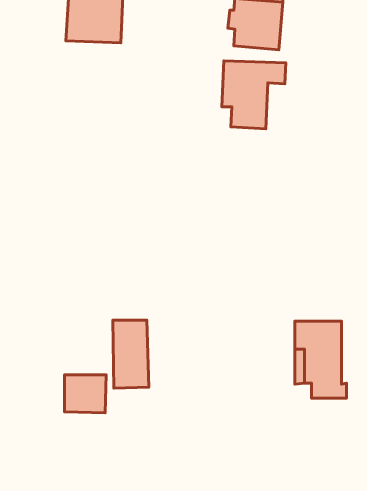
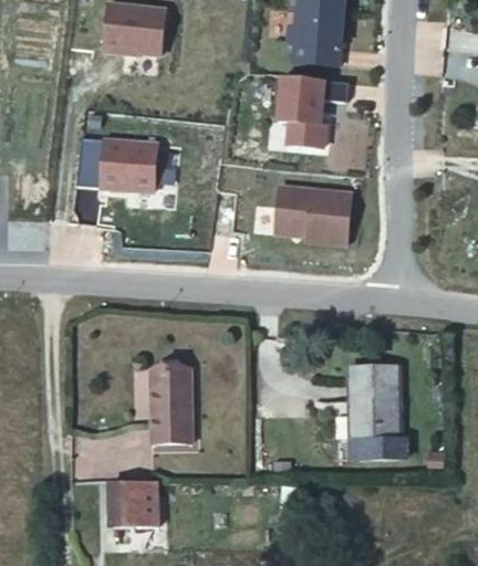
building: none -> [94,135,155,192]
building: none -> [271,181,349,248]
building: [64,375,106,413] -> [108,481,155,523]

